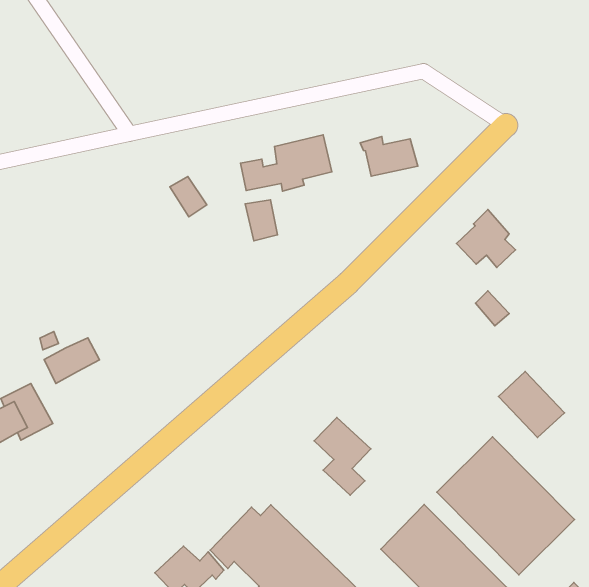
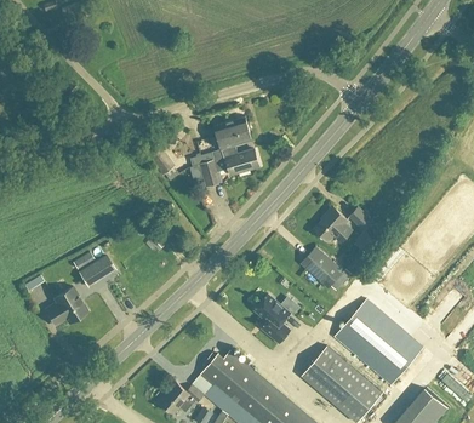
building: [360,137,418,176] -> [222,149,259,175]
building: [457,209,516,268] -> [314,206,352,242]
building: [499,371,564,438] -> [301,247,343,288]

